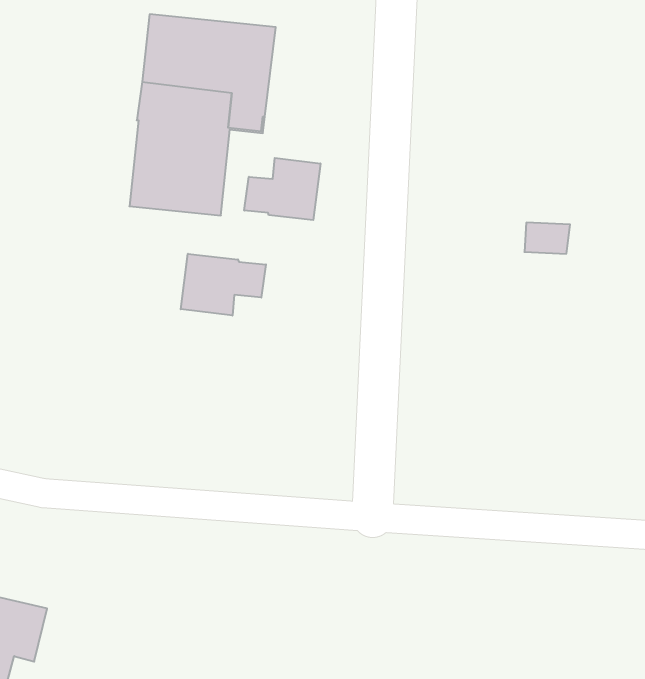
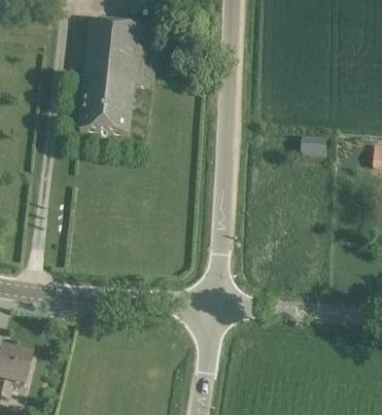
building: [244,158,320,220] -> none
building: [181,254,266,316] -> none

